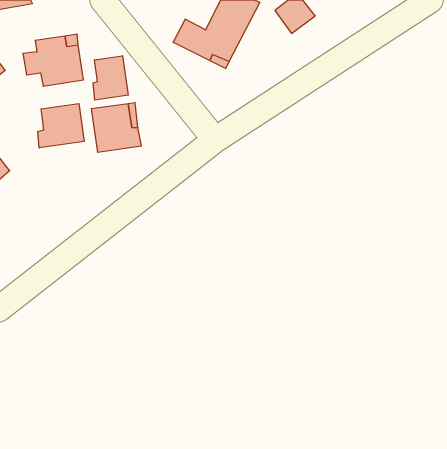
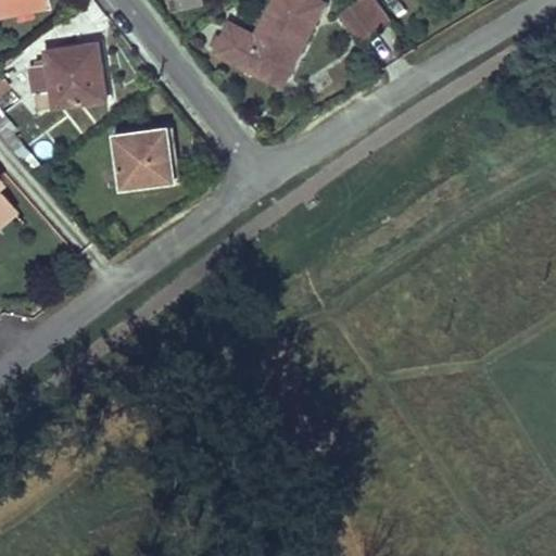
building: [93,56,128,100] -> none
building: [38,104,84,148] -> none

